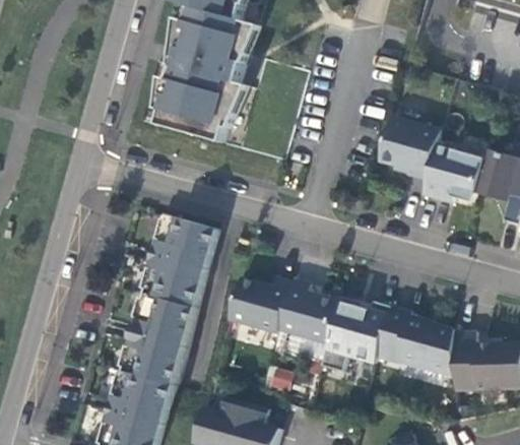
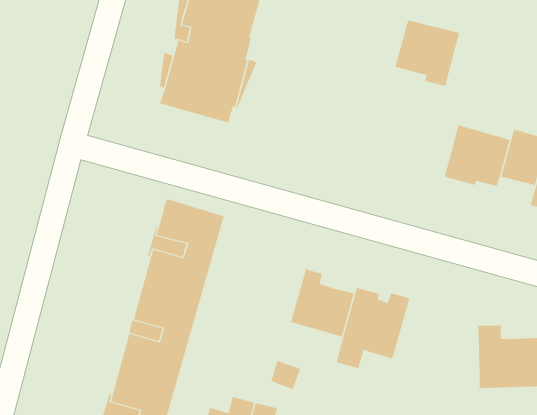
building: [379,117,440,179] -> [395,20,460,86]
building: [230,277,292,332] -> none
building: [377,306,455,377] -> none

